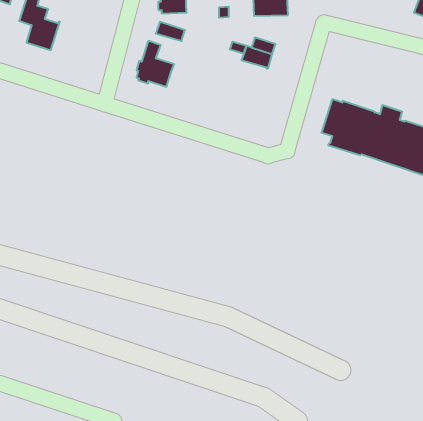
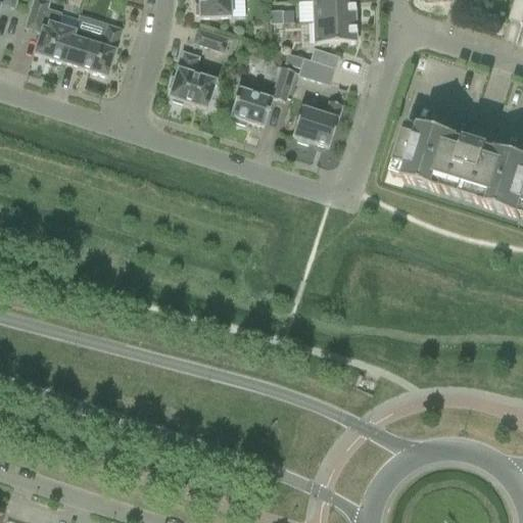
building: none -> [315,18,360,42]
building: none -> [65,22,124,75]
building: none -> [231,64,296,125]
building: none -> [293,98,344,145]

